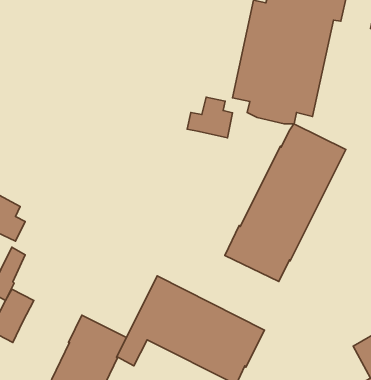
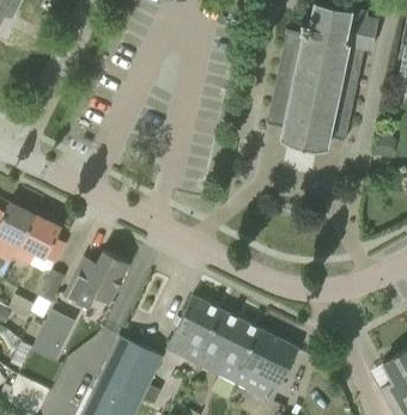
building: [187,97,232,138] -> none
building: [225,124,346,282] -> none
building: none -> [63,250,129,309]

